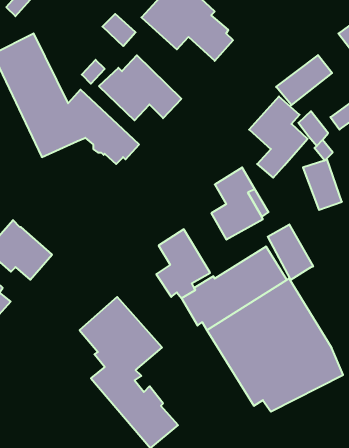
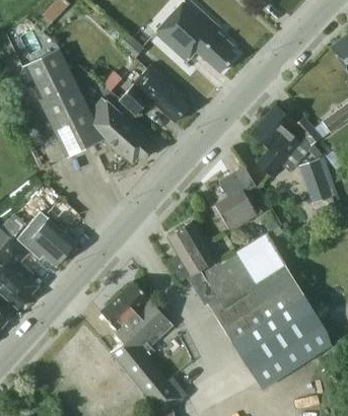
building: [276,55,332,105] -> none
building: [268,224,313,280] -> none

